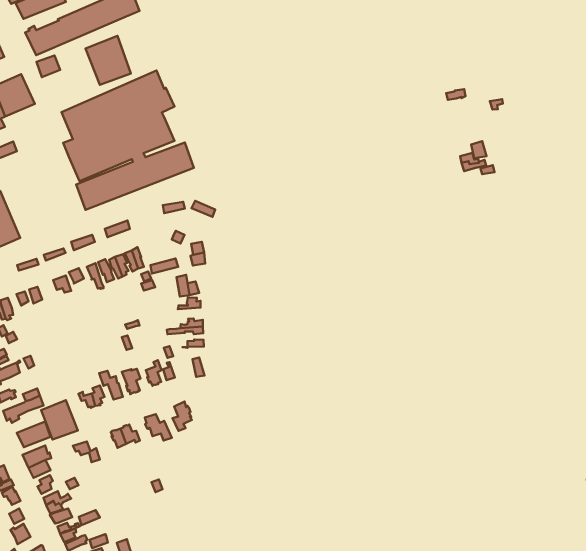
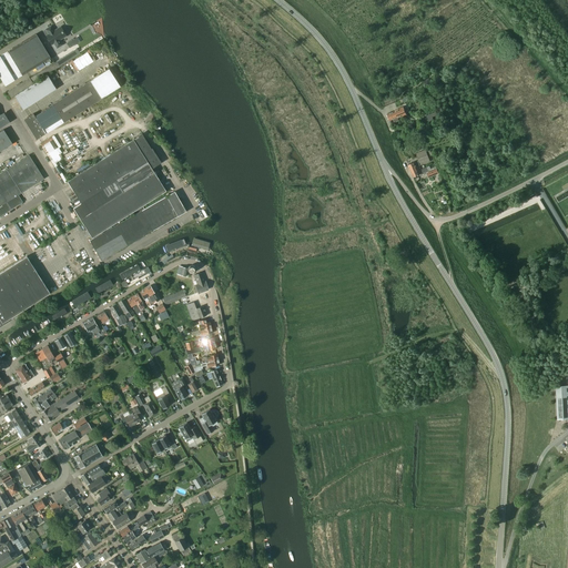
building: [85,36,131,85] -> none
building: [41,400,78,439] -> none

